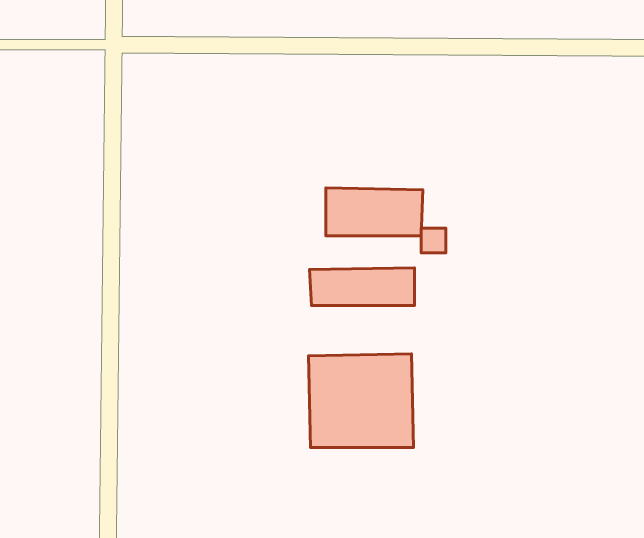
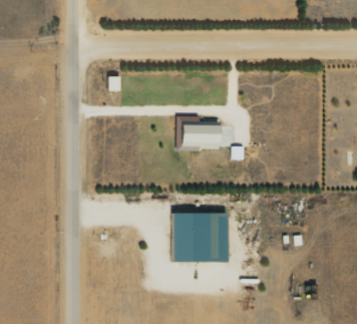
building: [310,268,414,306] -> none

